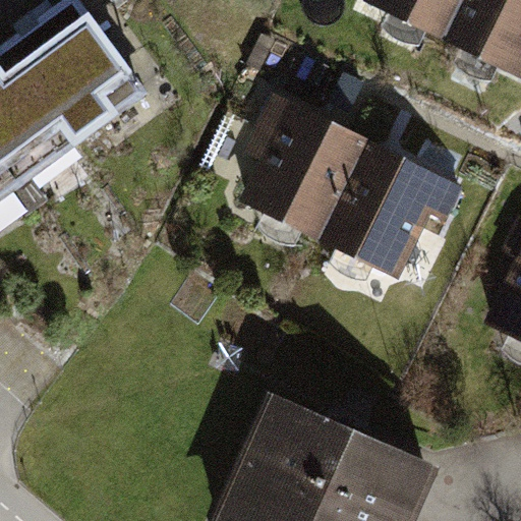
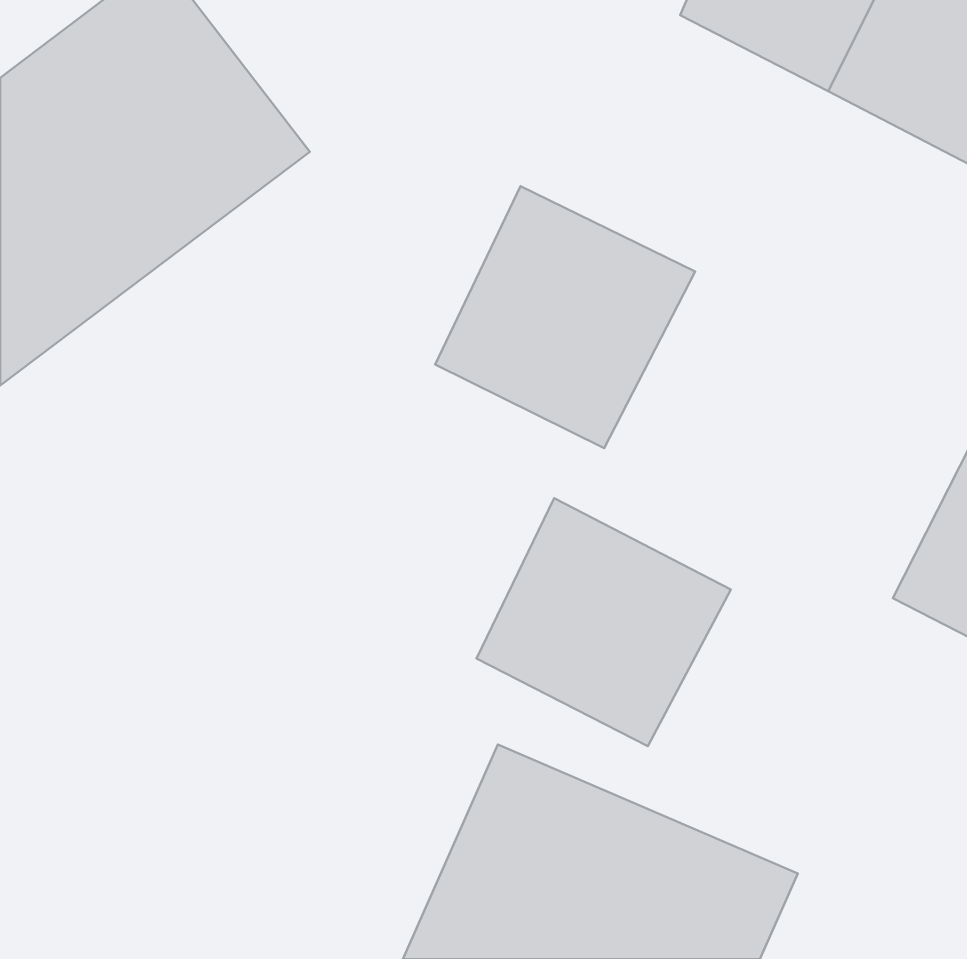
building: [326,146,453,280] -> none
building: none -> [476,498,731,746]

